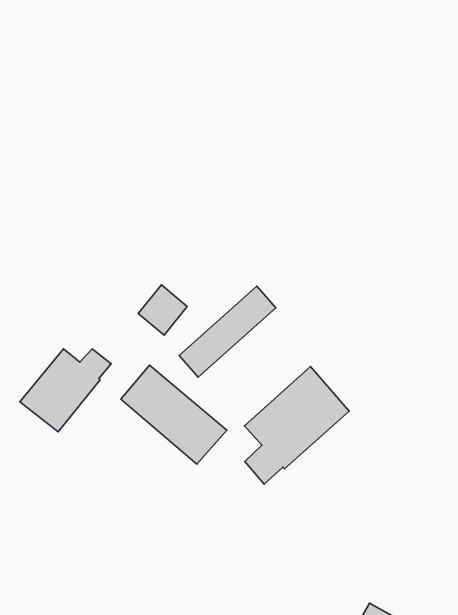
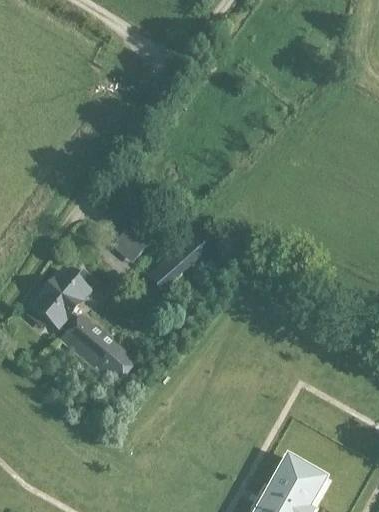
building: [121,365,227,464] -> [60,314,138,387]
building: [244,366,349,484] -> none

